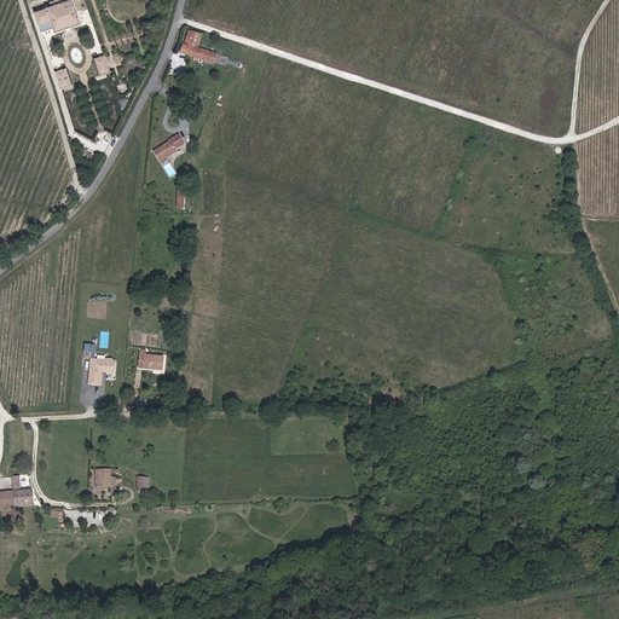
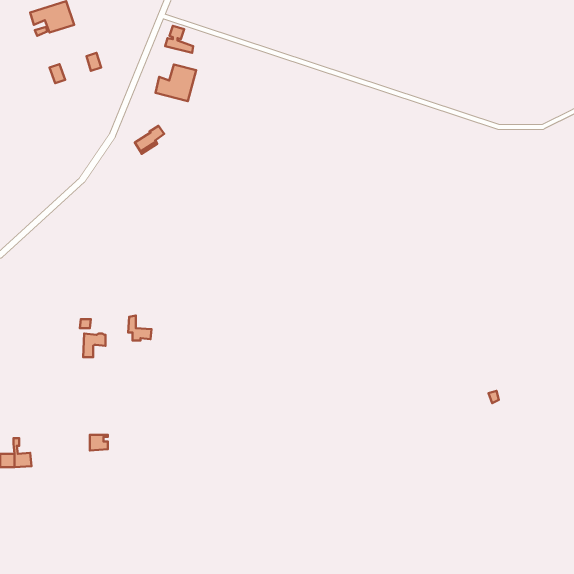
building: none -> [156,64,196,101]

